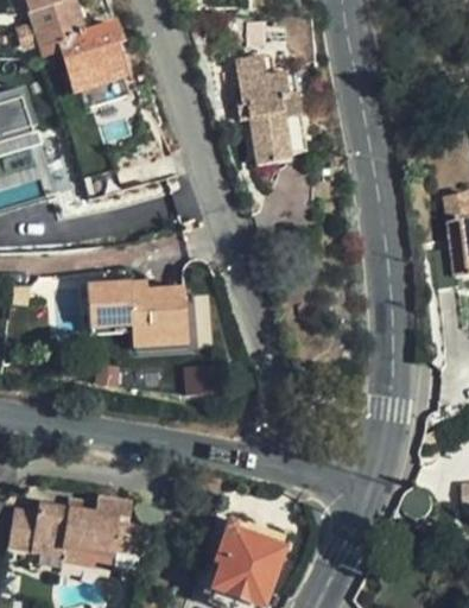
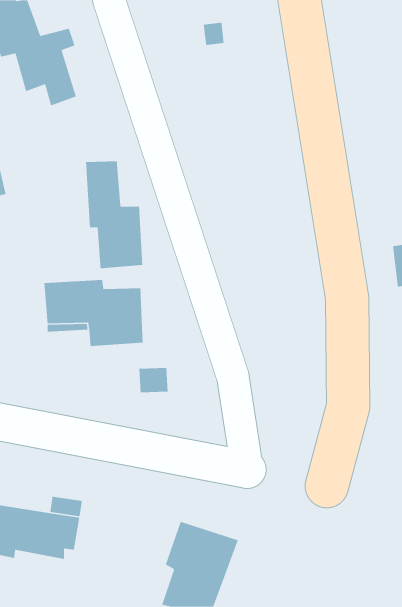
building: [239,56,306,165] -> none
building: none -> [85,161,143,269]

